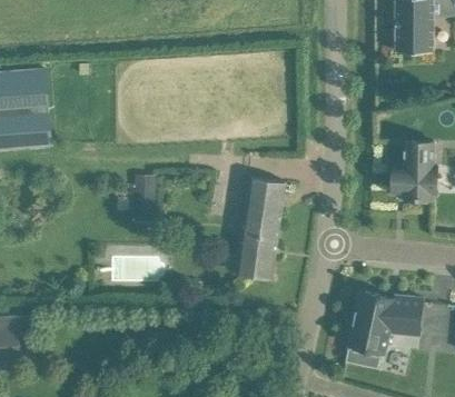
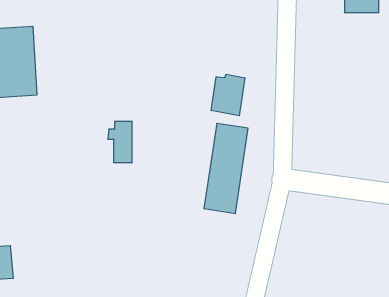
building: none -> [211,74,245,116]
building: [392,142,437,205] -> none
building: [348,292,423,355] -> none

